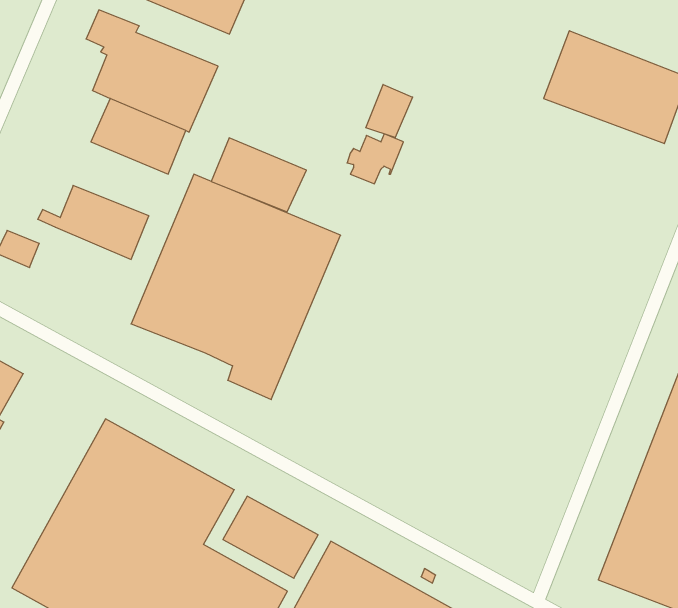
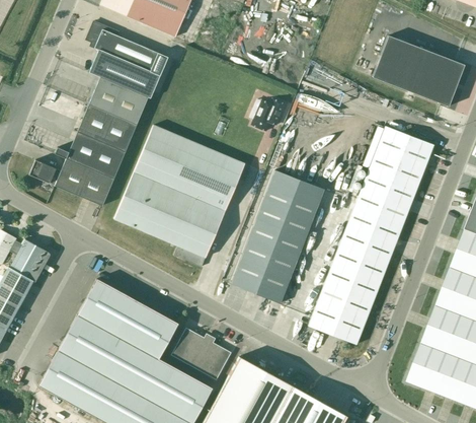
building: [366,84,413,138] -> none
building: [211,138,306,212] -> [77,104,137,151]
building: none -> [308,126,433,345]
building: none -> [55,158,113,206]
building: none -> [231,170,324,303]

